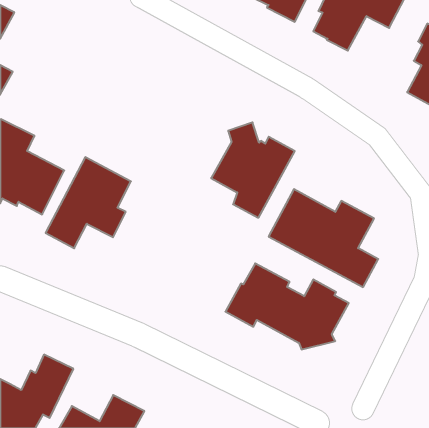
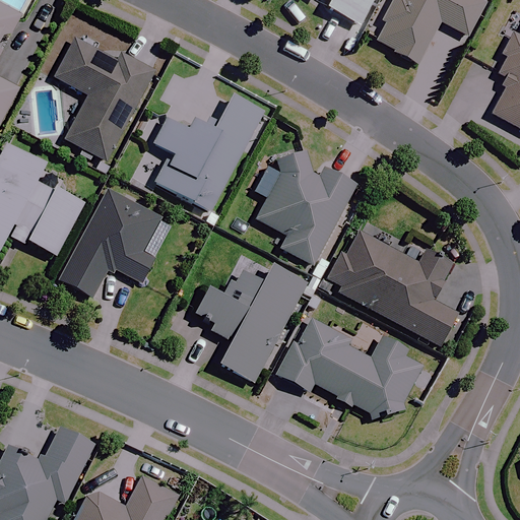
building: none -> [54,39,152,161]
building: none -> [161,95,268,209]
building: none -> [196,263,309,380]

